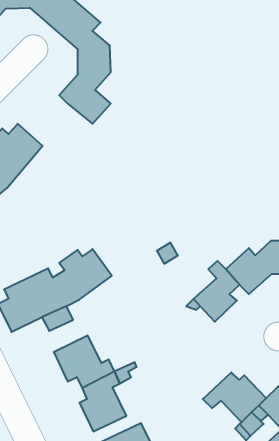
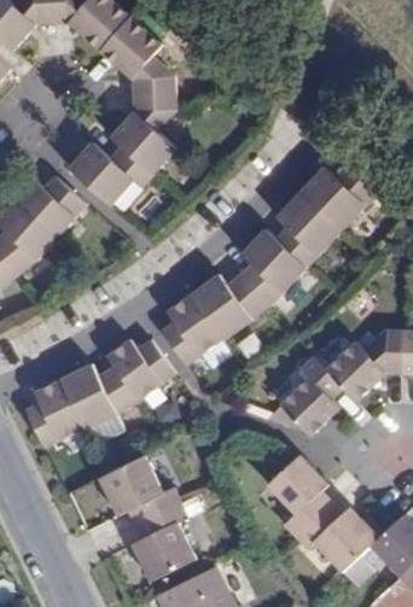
building: none -> [68,145,150,208]
building: none -> [161,163,371,360]
building: none -> [268,456,332,537]

